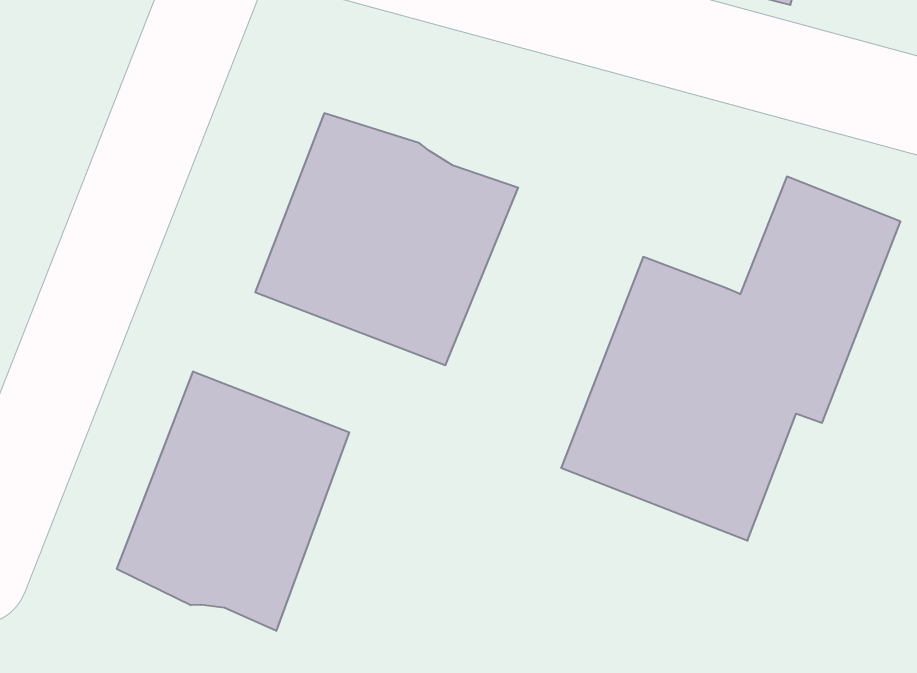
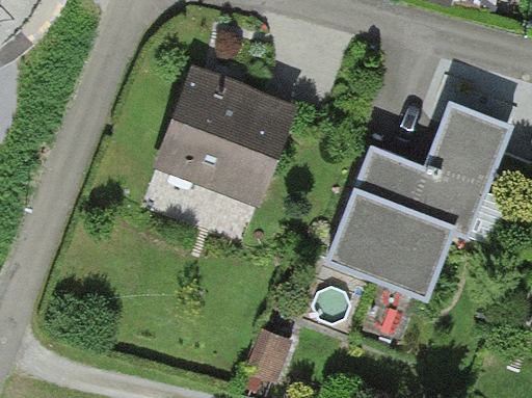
building: [117,371,349,631] -> none

